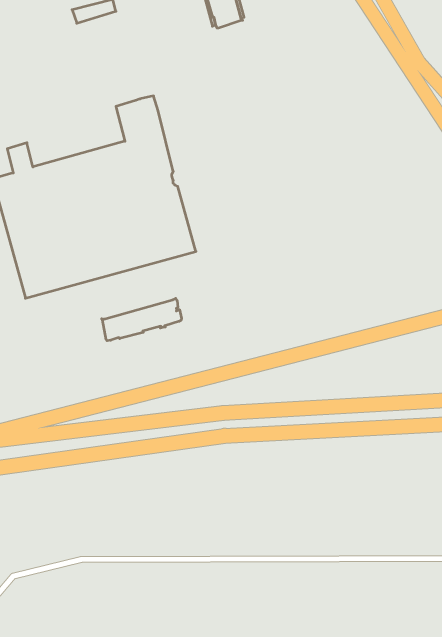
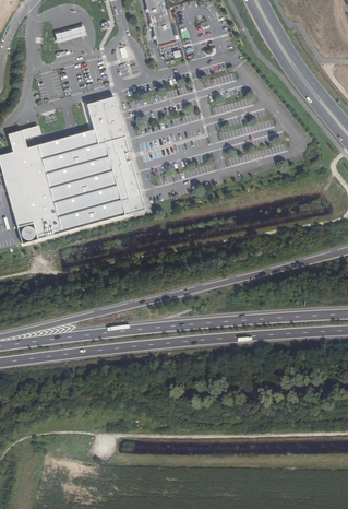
building: [102,298,182,341] -> none

